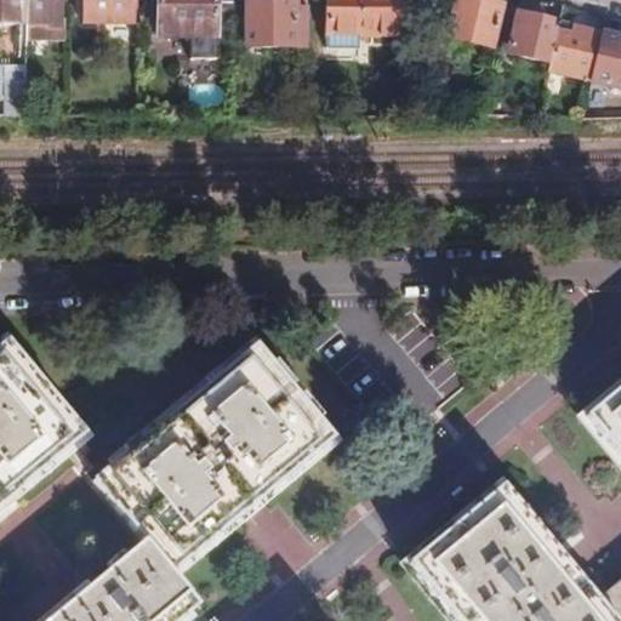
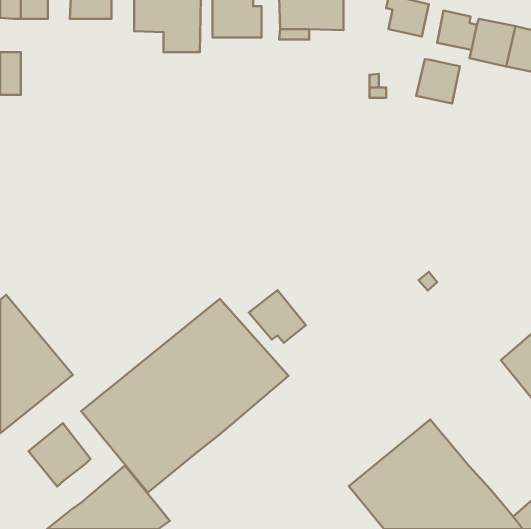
building: none -> [416,59,460,103]
building: none -> [249,290,306,343]
building: none -> [28,423,90,487]

